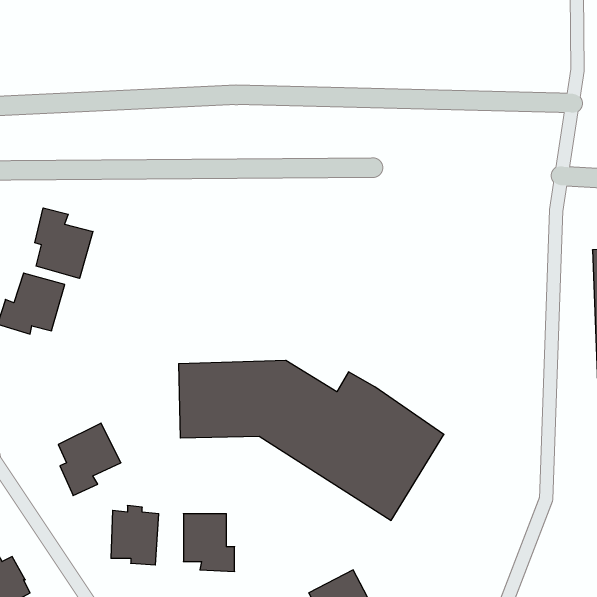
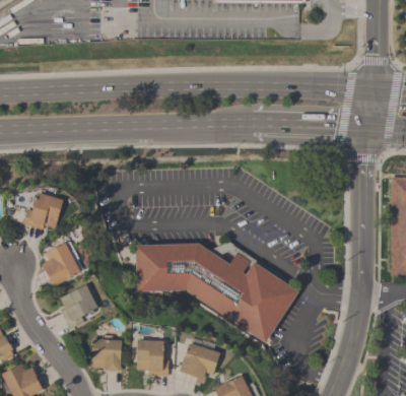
building: [35,208,93,278] -> none
building: none -> [42,241,80,285]
building: none -> [179,342,220,378]

